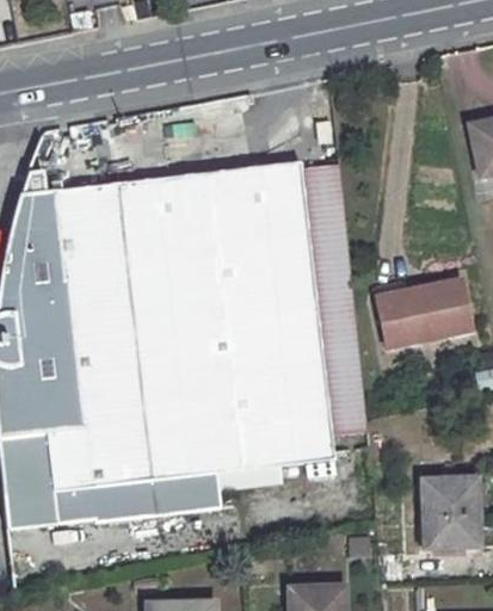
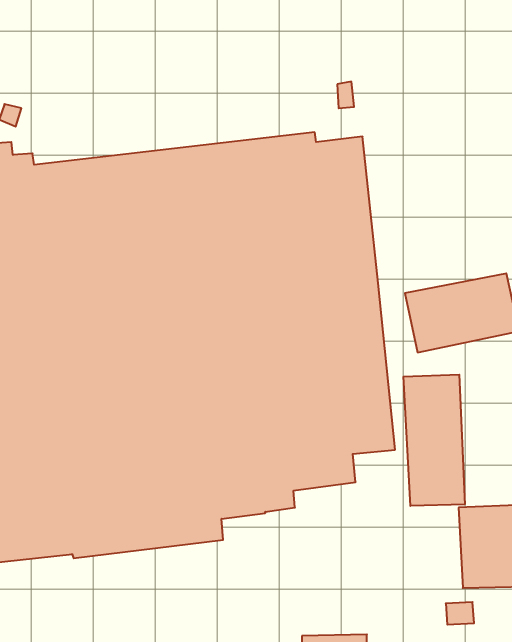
building: none -> [404,375,465,506]

